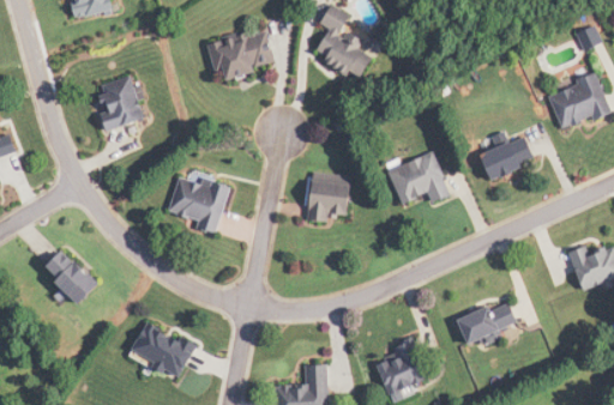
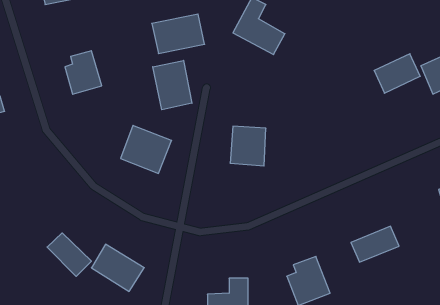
building: none -> [153,60,192,110]
building: [477,132,536,182] -> [374,54,420,93]
building: [386,151,449,205] -> none
building: [44,249,101,304] -> [47,233,91,276]

